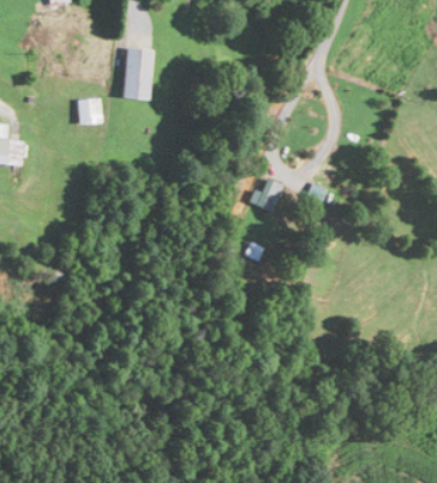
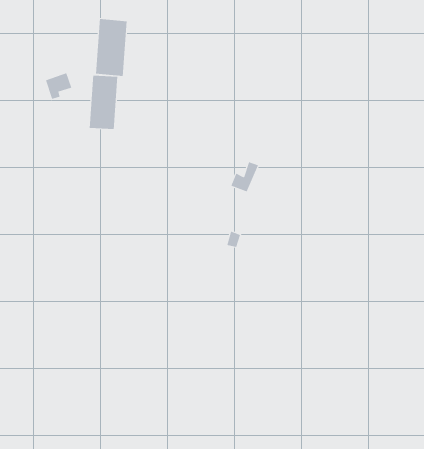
building: none -> [89,75,118,130]

